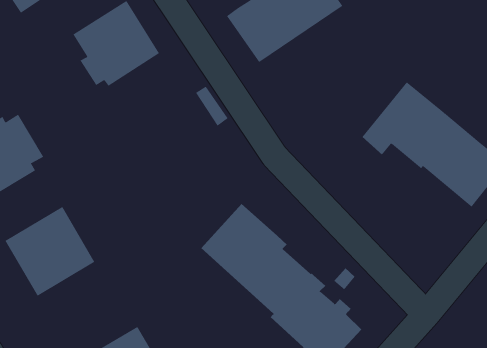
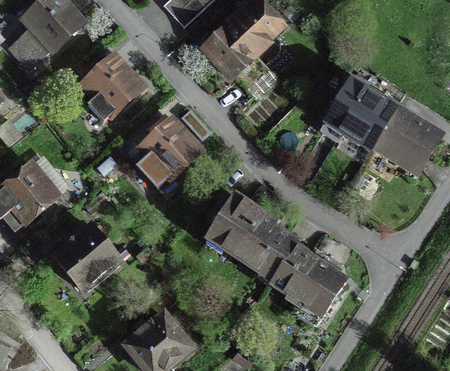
building: none -> [134,112,206,189]

